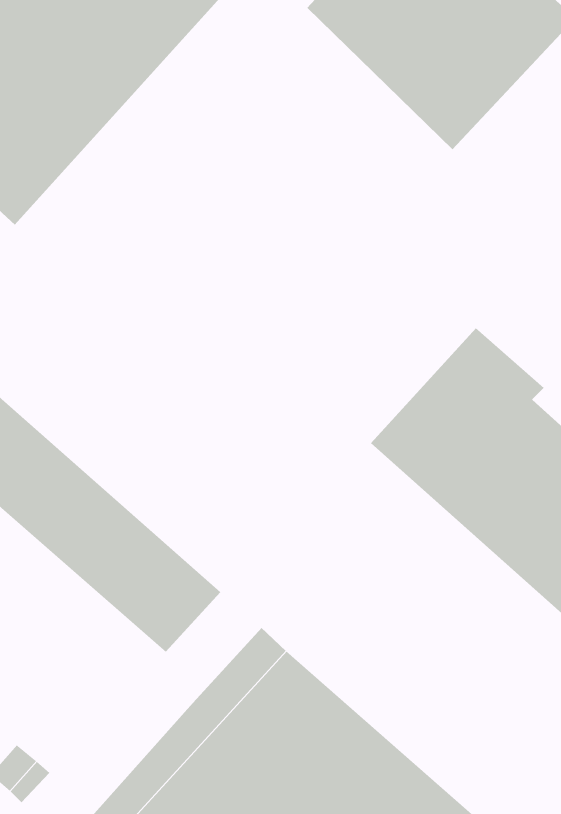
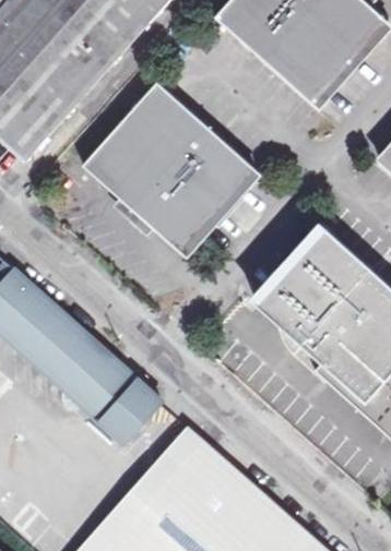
building: none -> [83,84,258,256]

